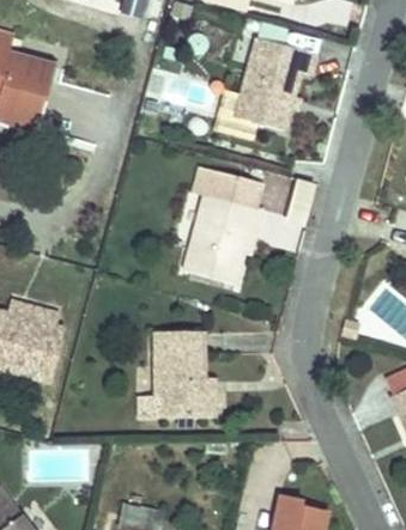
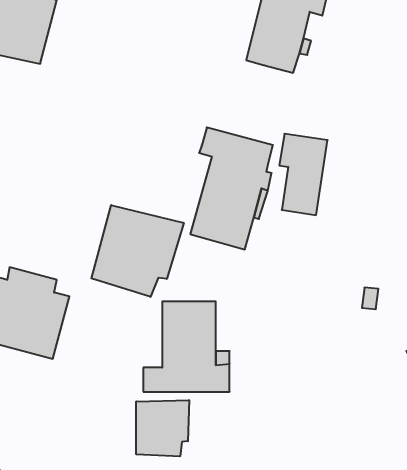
building: none -> [91,205,184,297]
building: none -> [136,400,189,456]

